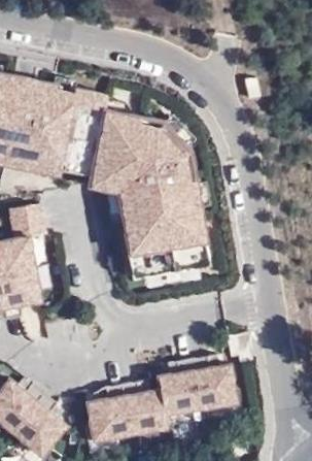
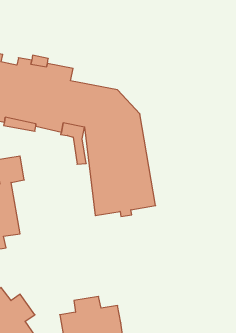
building: [160,357,236,415] -> none

